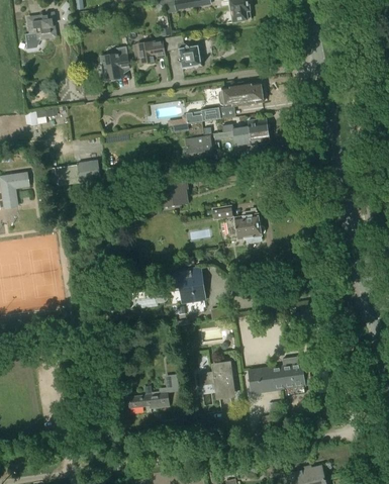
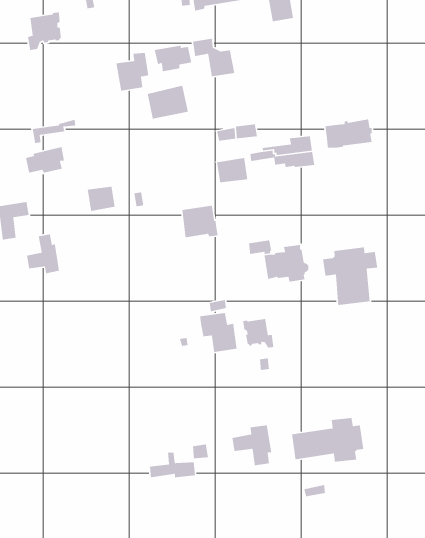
building: none -> [147,85,189,120]
building: [223,81,264,106] -> [325,119,372,149]
building: none -> [25,146,65,174]
building: none -> [26,234,60,274]
building: none -> [322,247,378,306]
building: none -> [242,318,274,349]

